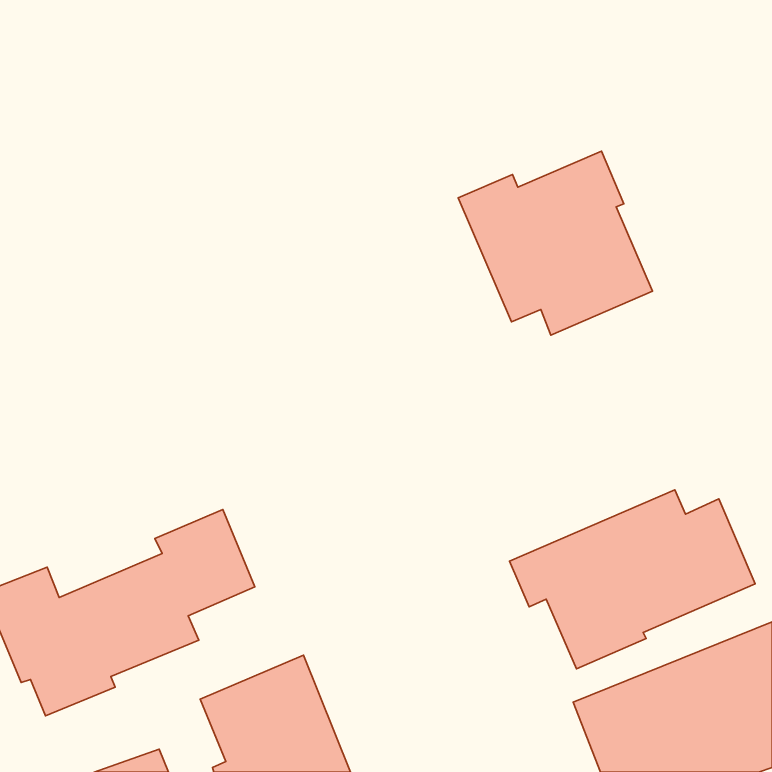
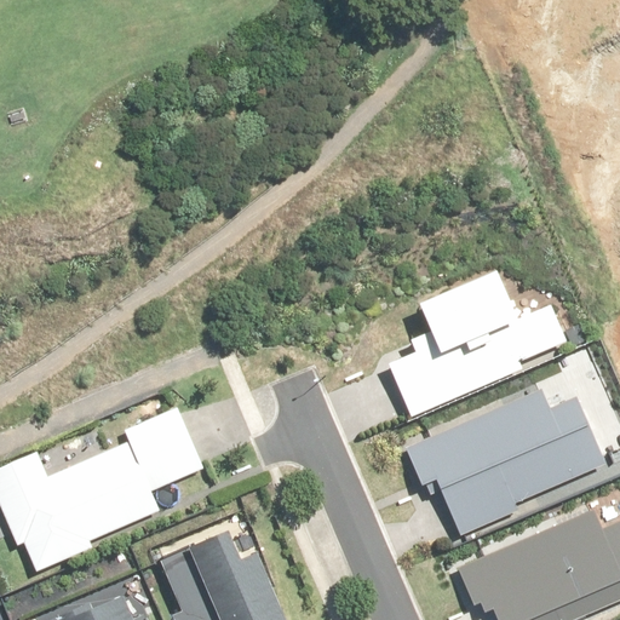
building: [458,151,653,335] -> none
building: none -> [388,271,566,418]

